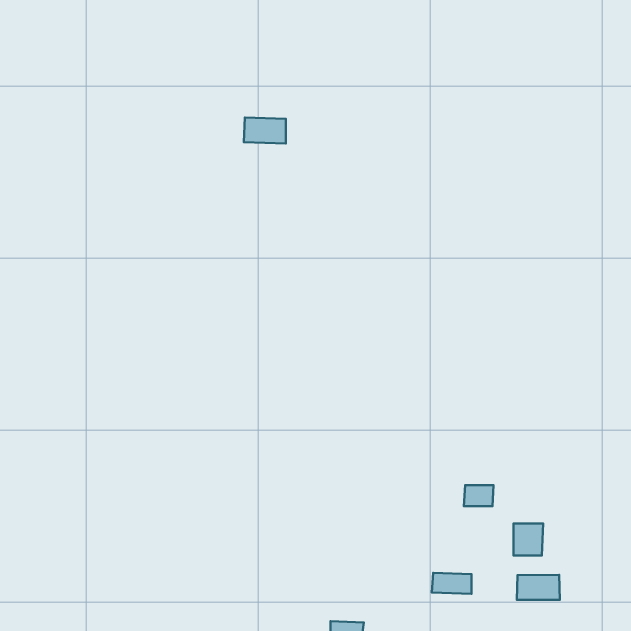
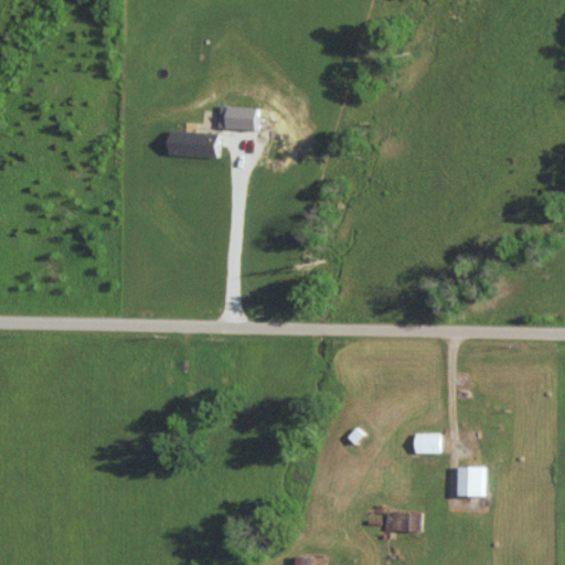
building: none -> [169,131,216,157]
building: [517,575,560,600] -> none

